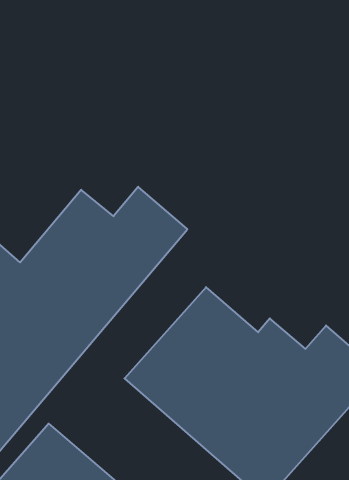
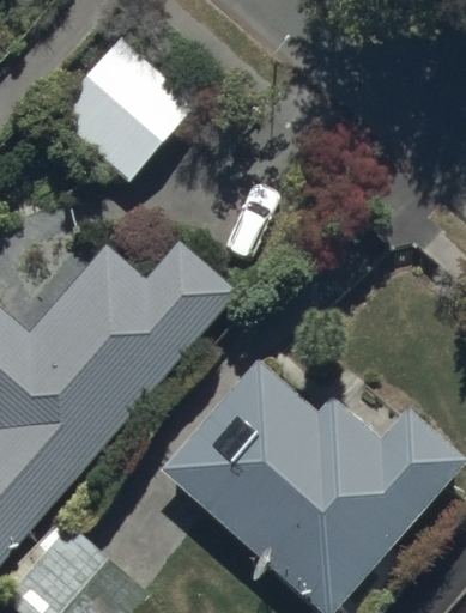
building: none -> [46,30,199,182]

